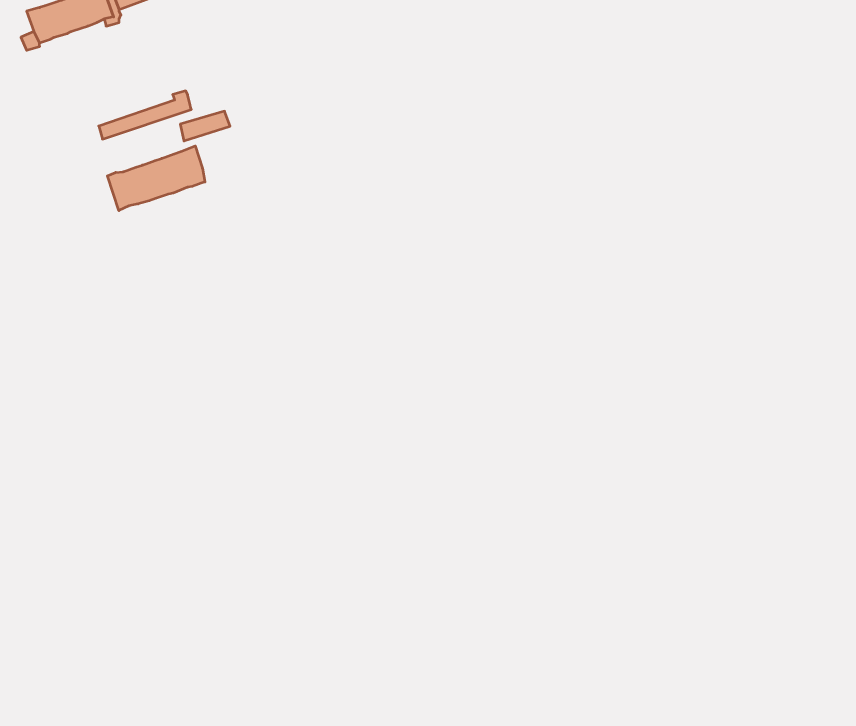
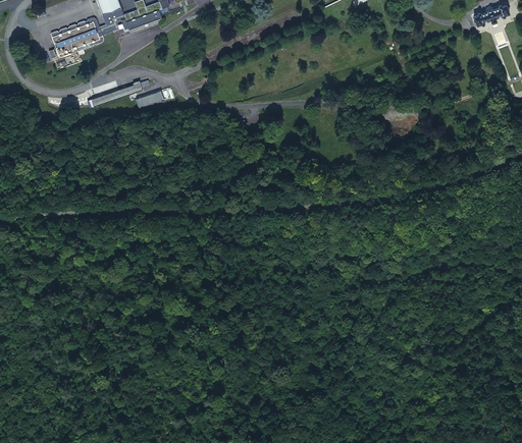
building: [107,146,205,211] -> none

